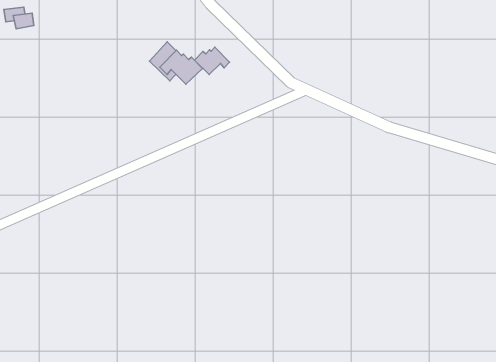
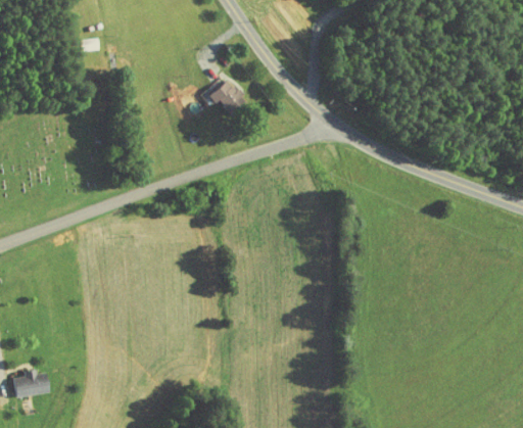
building: [195,47,230,74] -> none

